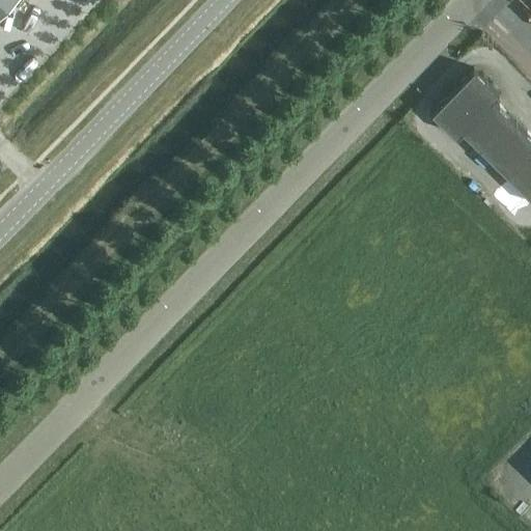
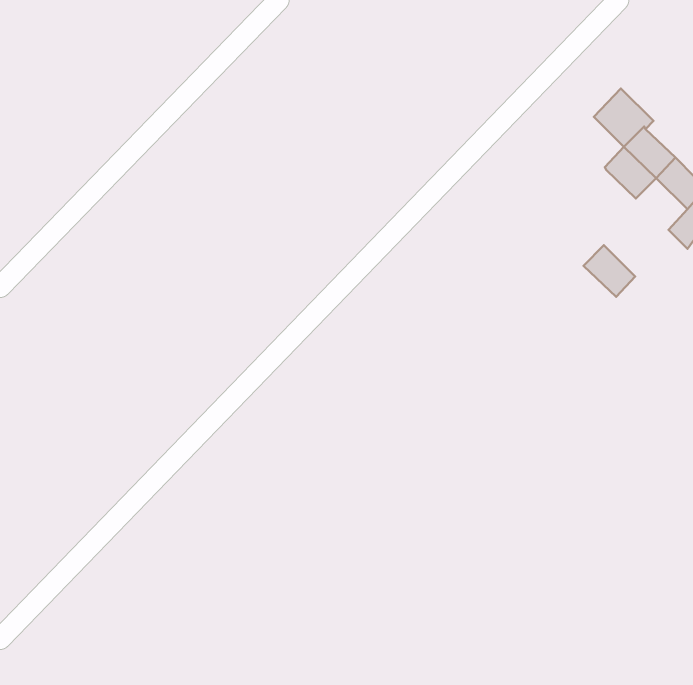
building: [434,96,477,142] -> none
building: [486,143,526,183] -> [584,245,635,297]

